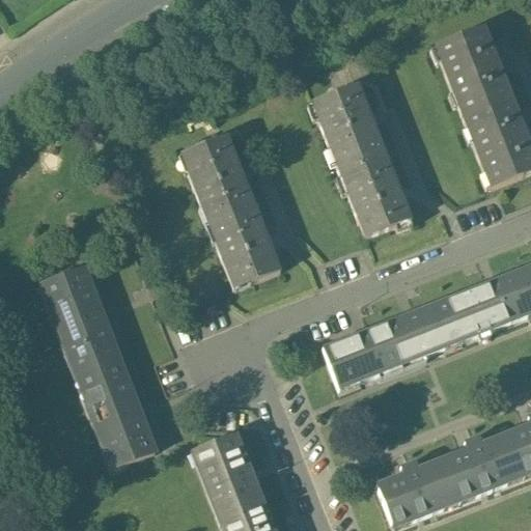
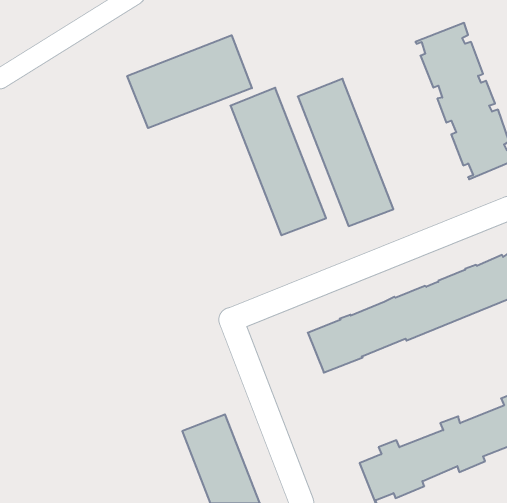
building: none -> [127,35,252,128]
building: [180,134,280,287] -> [230,88,326,235]
building: [43,266,156,467] -> none

